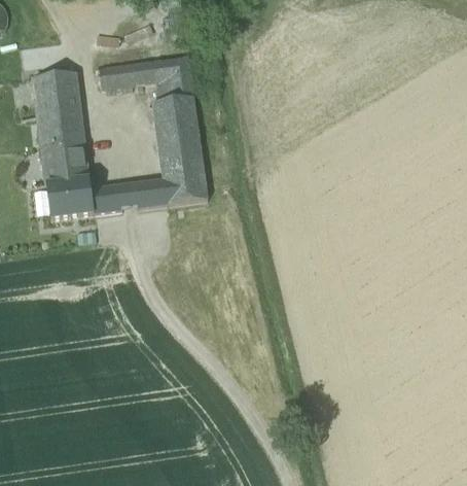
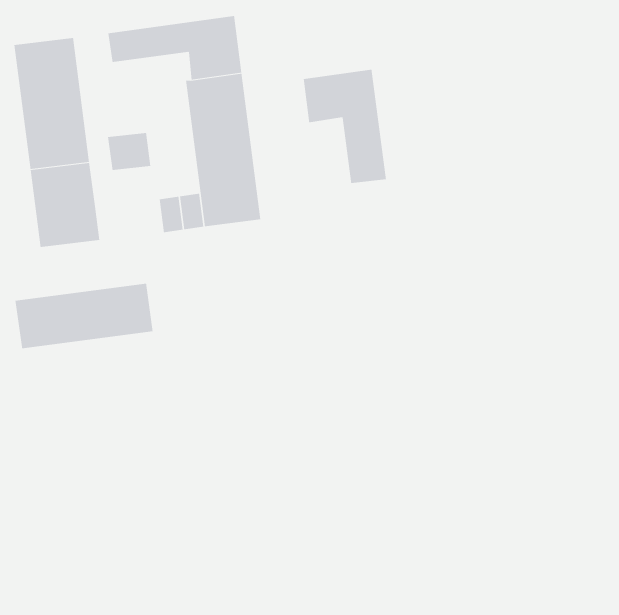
building: none -> [303,69,386,184]
building: [91,187,121,214] -> [107,132,151,171]
building: none -> [15,283,153,349]

